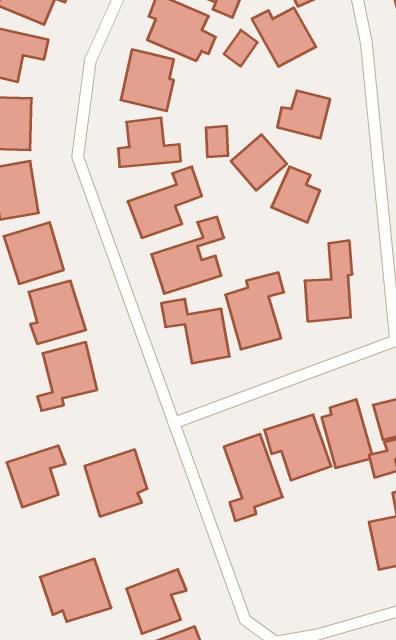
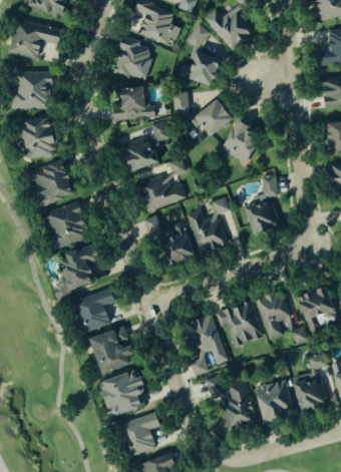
building: [277,91,330,138] -> [181,51,219,85]
building: [7,446,65,507] -> [73,289,115,333]
building: none -> [209,376,258,426]
building: none -> [256,380,295,419]
building: [40,559,111,622] -> [97,369,148,414]

